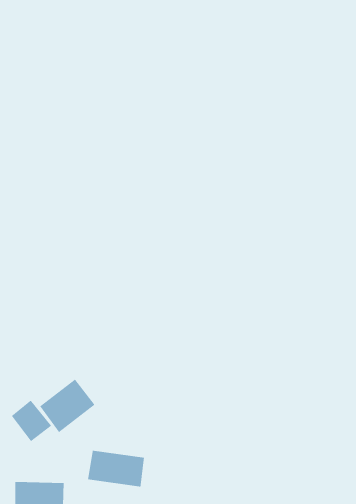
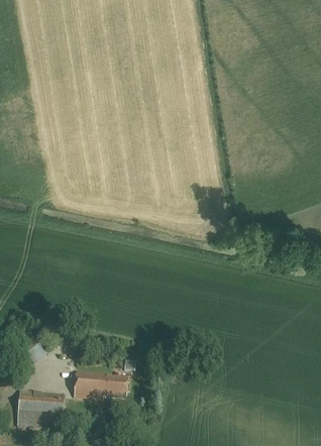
building: [39,379,96,433] -> none

